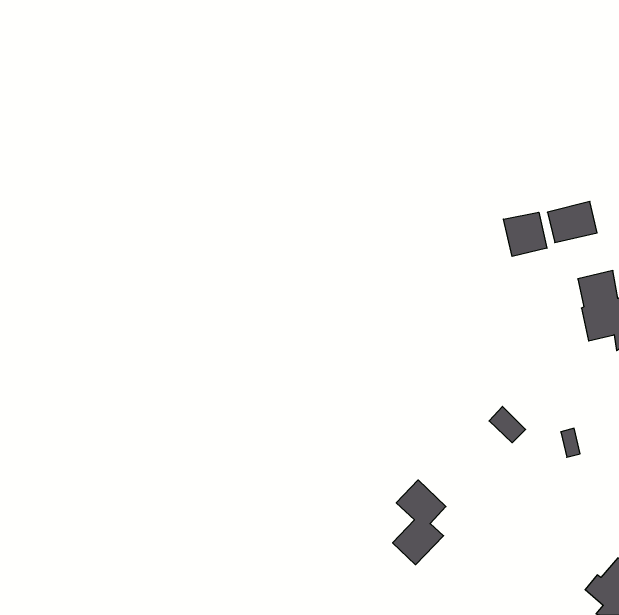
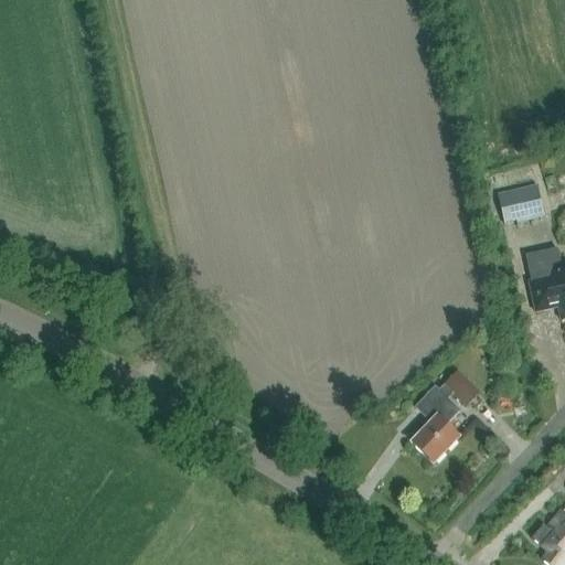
building: [503,212,547,256] -> none
building: [393,480,446,565] -> [413,384,461,461]

